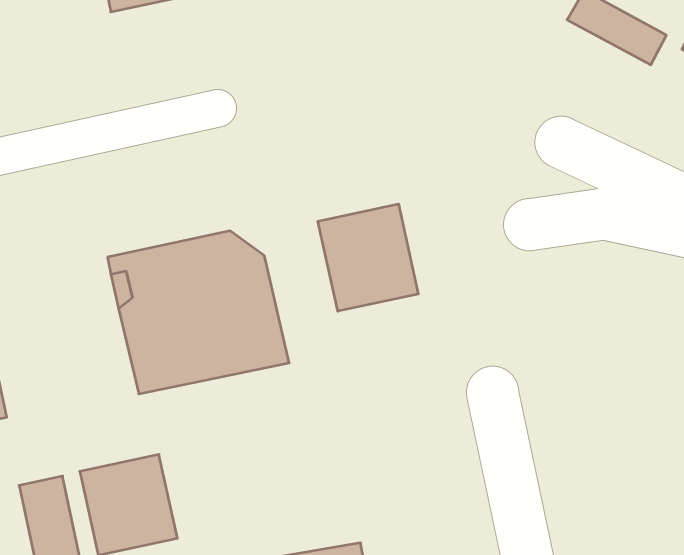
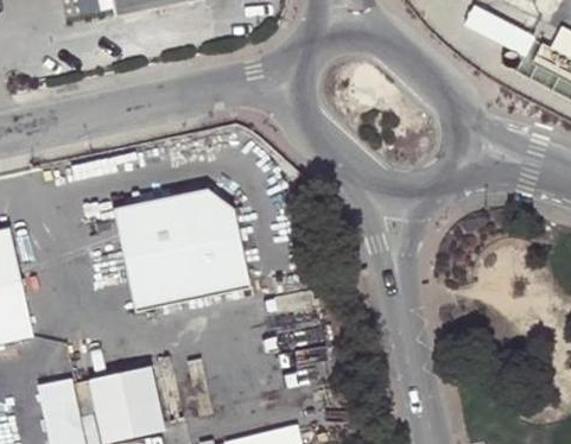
building: [318,204,418,311] -> none

